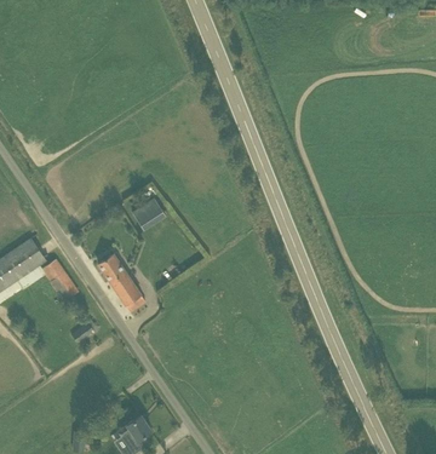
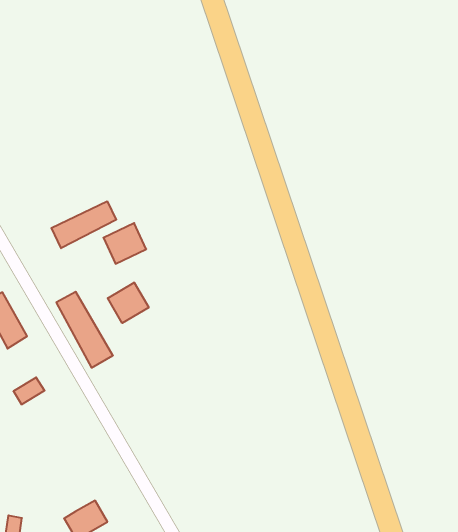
building: none -> [51,201,116,248]
building: none -> [108,282,149,323]

